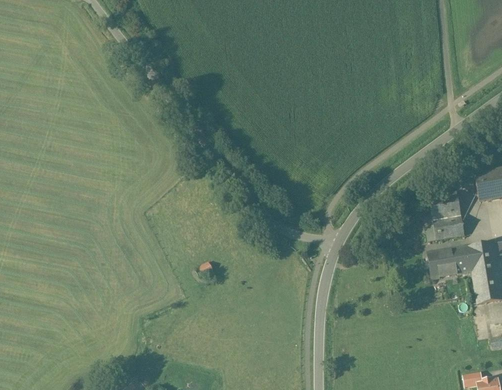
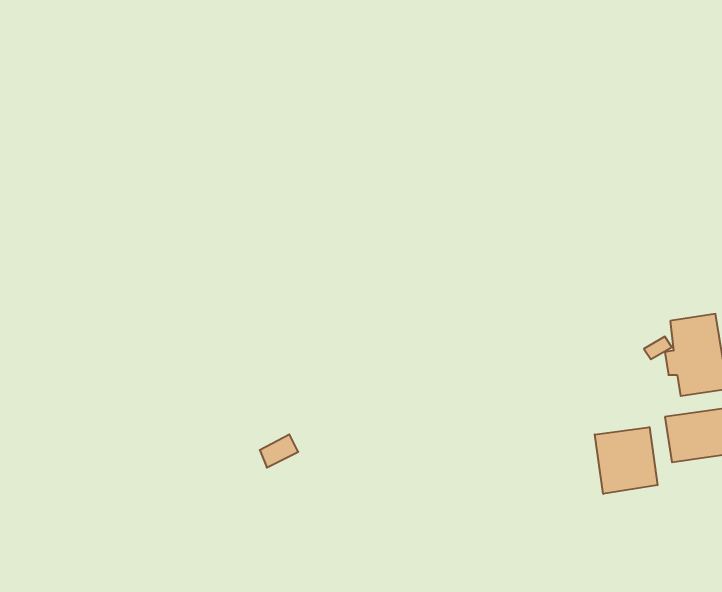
building: none -> [595,427,657,494]

